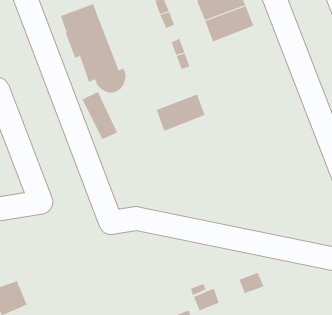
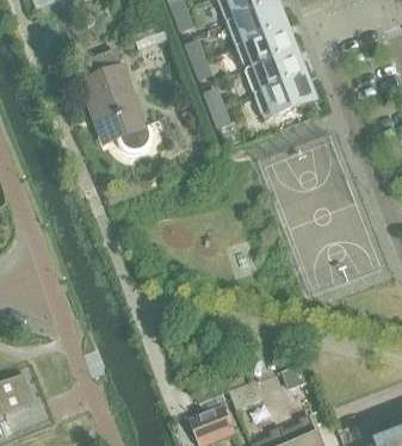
building: [82,91,118,140] -> none
building: [156,94,206,131] -> [253,73,311,117]

